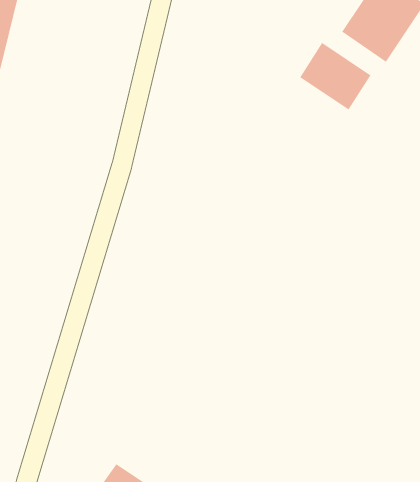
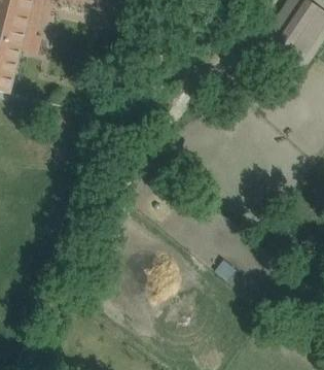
building: [299,42,372,110] -> none

